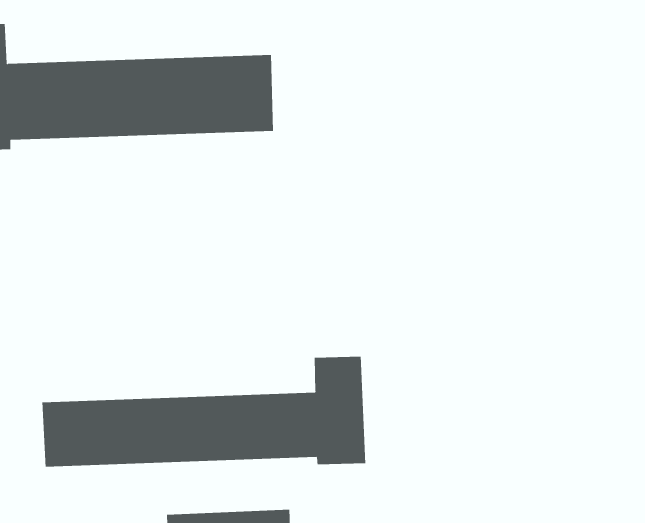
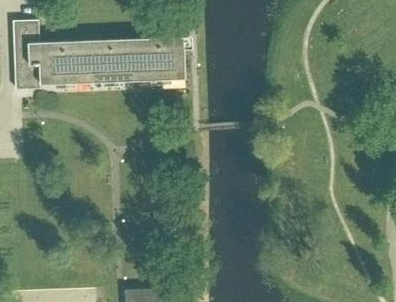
building: [42,356,366,468] -> none

